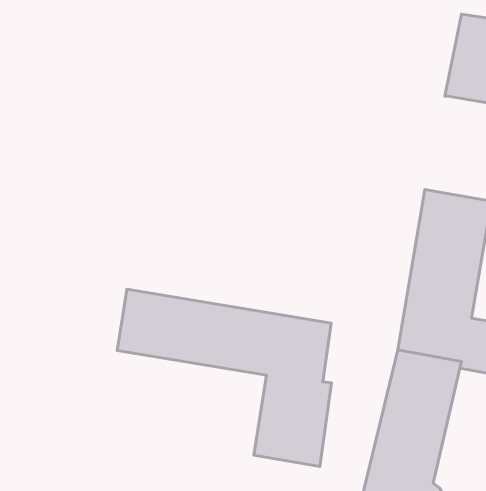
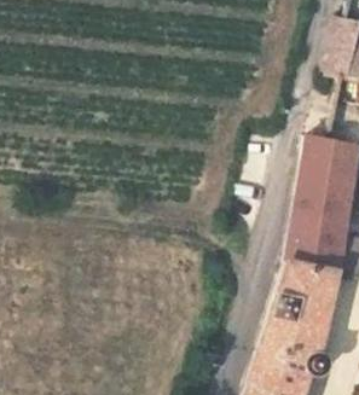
building: [117,289,332,466] -> none

